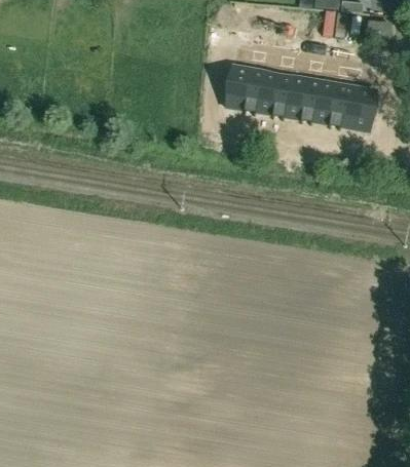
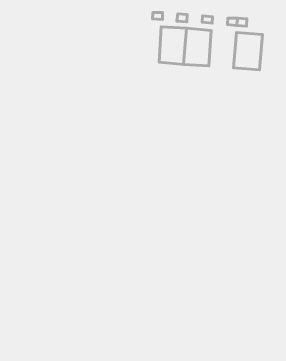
building: [226,64,262,109] -> none
building: [312,78,347,123] -> none

